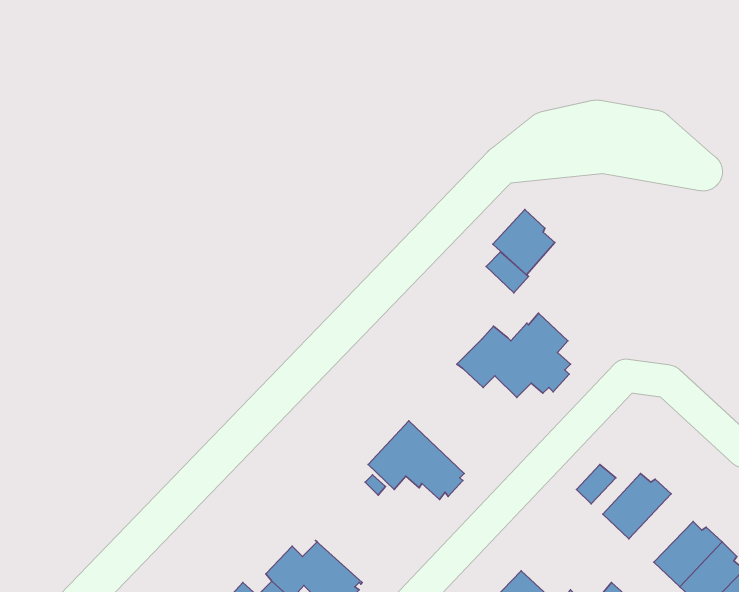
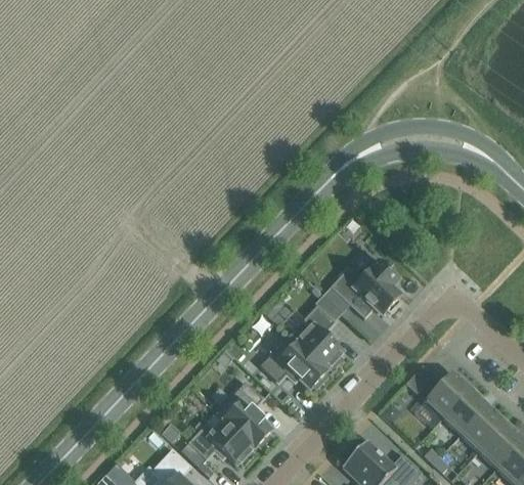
building: [493,210,555,275] -> none
building: none -> [288,305,343,371]
building: none -> [222,382,272,448]
building: none -> [442,386,487,434]

